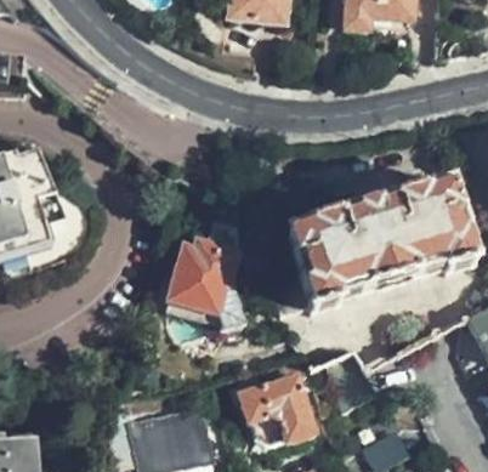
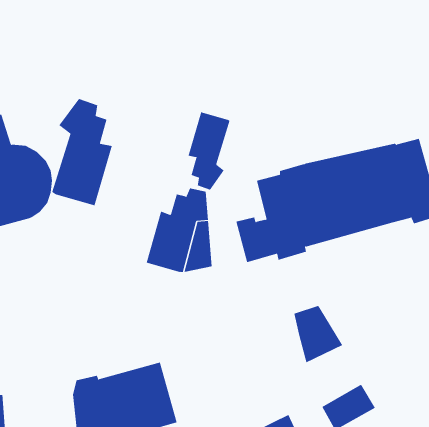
building: none -> [52,98,112,206]
building: none -> [188,111,230,191]
building: [234,354,312,440] -> none

